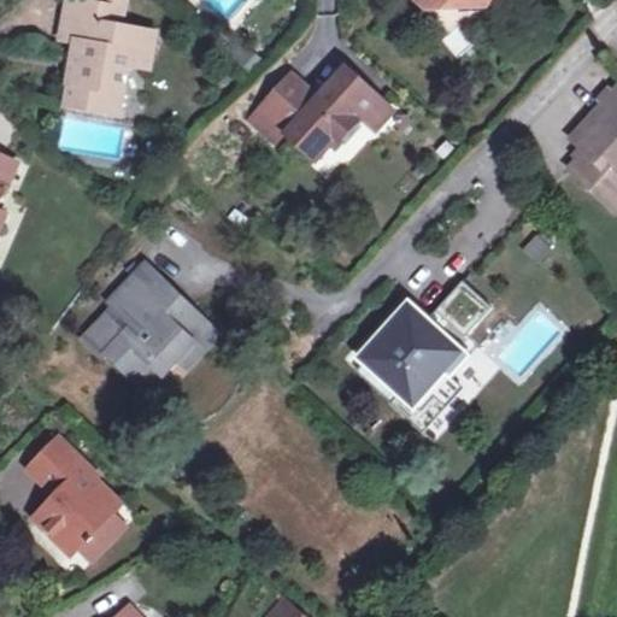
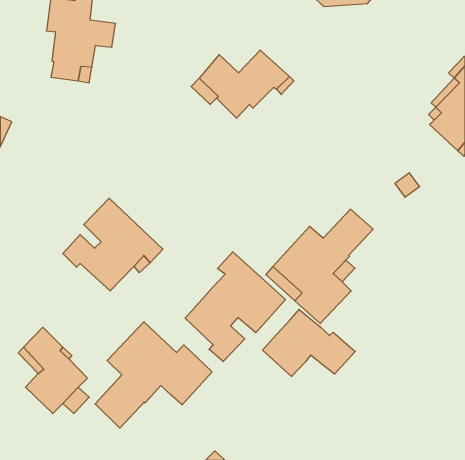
building: none -> [185,252,285,362]
building: none -> [263,309,355,377]
building: none -> [95,322,212,428]

